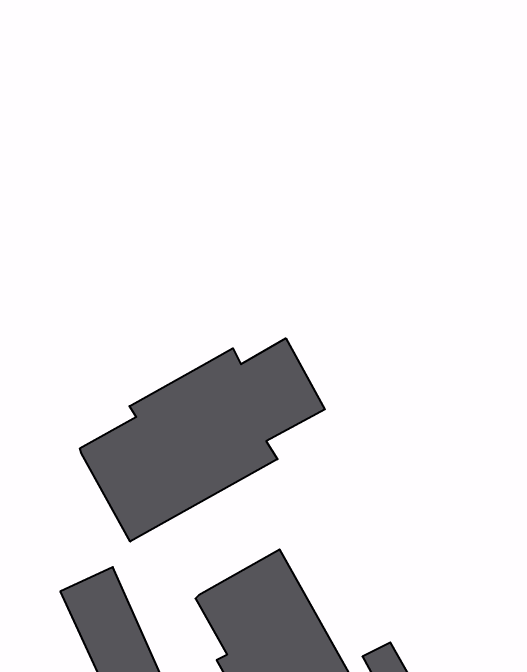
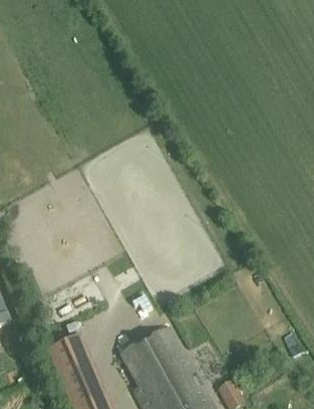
building: [80,338,325,542] -> none

